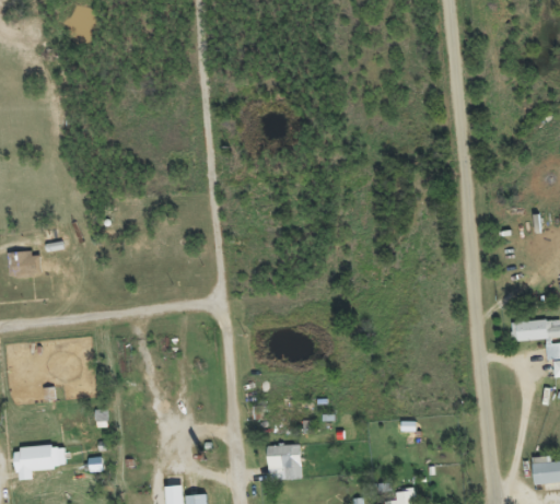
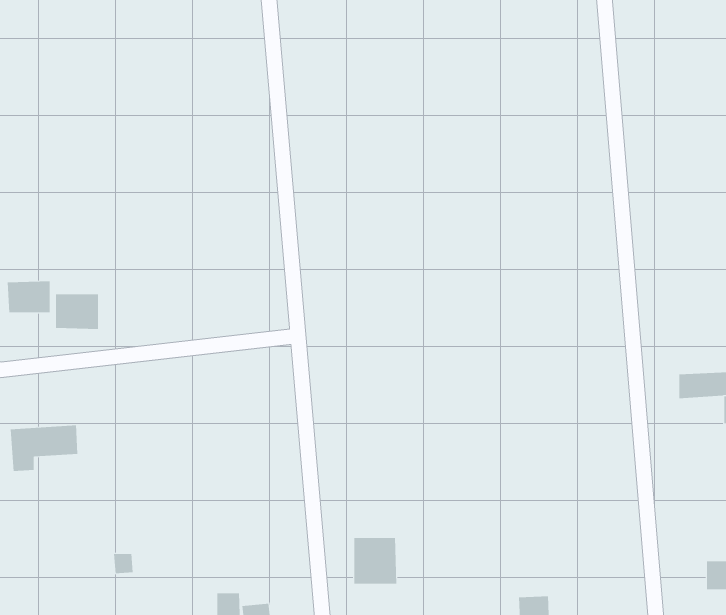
building: none -> [56,294,99,330]
building: [13,445,65,480] -> [10,425,78,472]

